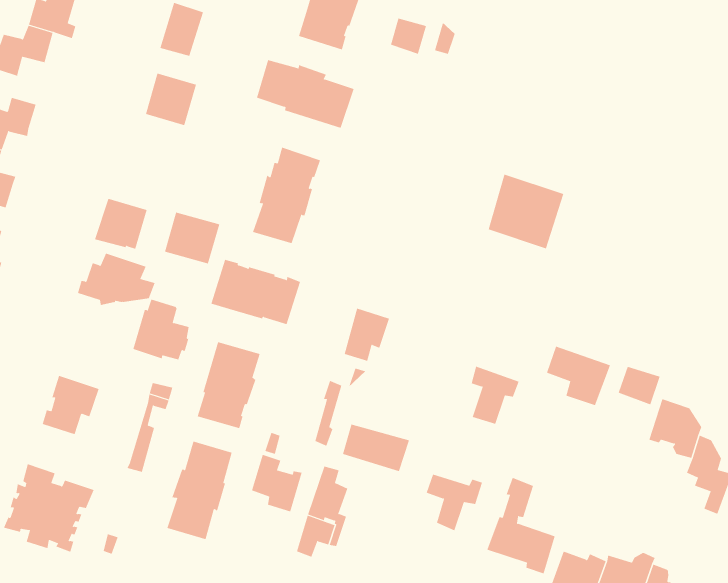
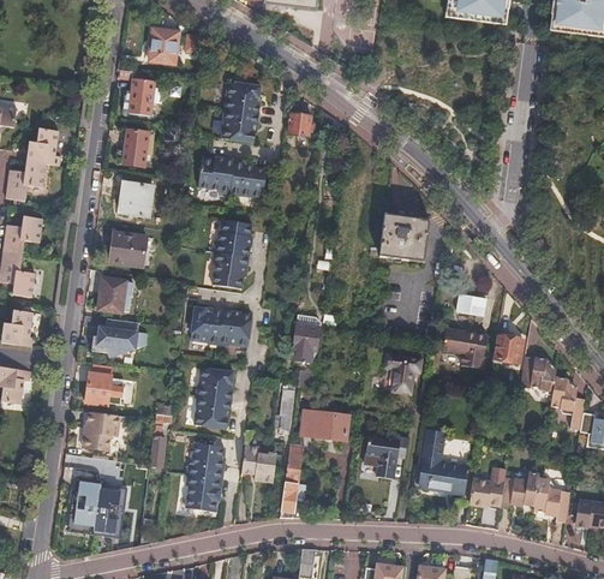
building: [164,212,220,264] -> [110,232,148,265]
building: [132,299,189,360] -> [86,363,126,405]
building: none -> [456,296,486,318]

